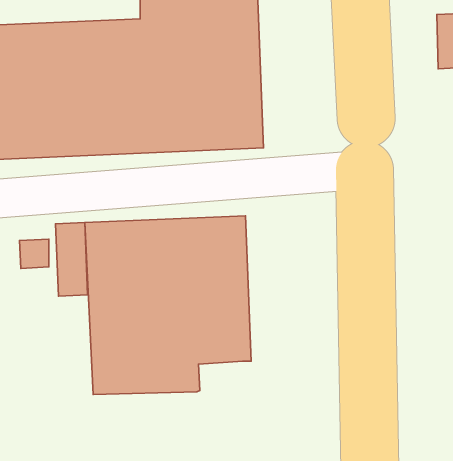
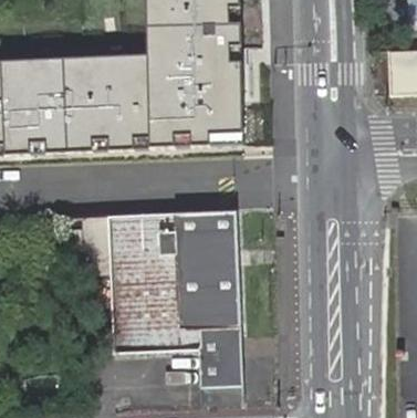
building: none -> [196,324,240,384]

